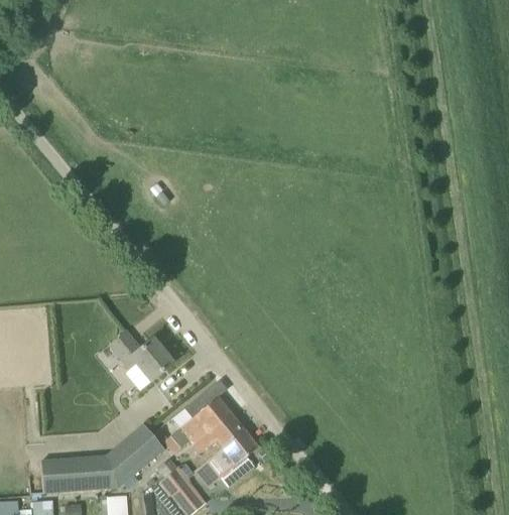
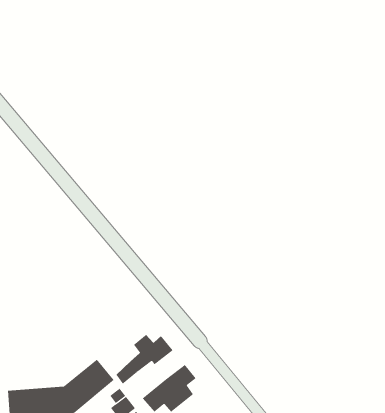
building: [109,331,173,380] -> none
building: [190,414,245,453] -> none

